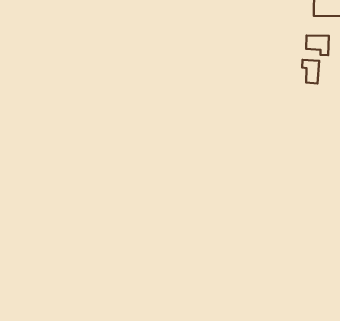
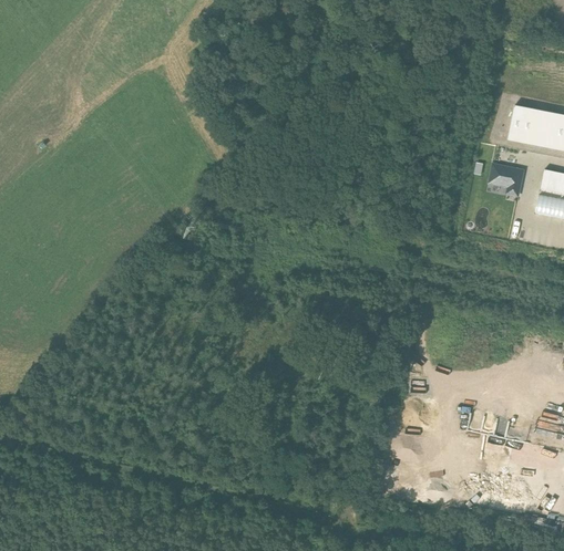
building: [302,60,319,83] -> none

